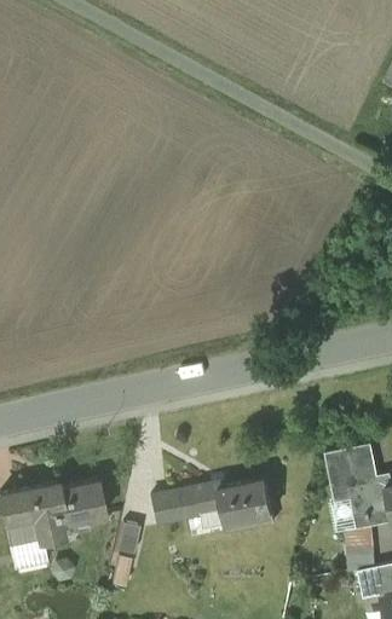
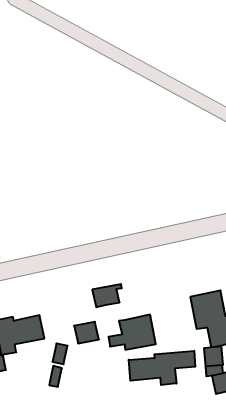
building: [183,482,227,517] -> [92,284,122,307]
building: none -> [129,351,195,385]

